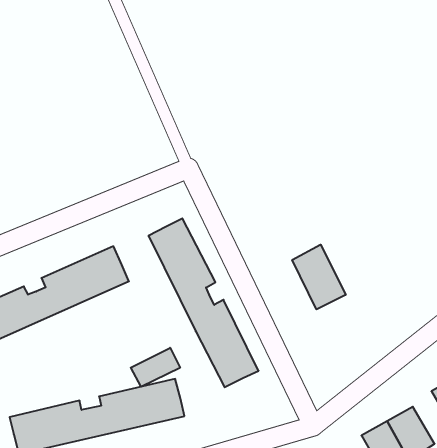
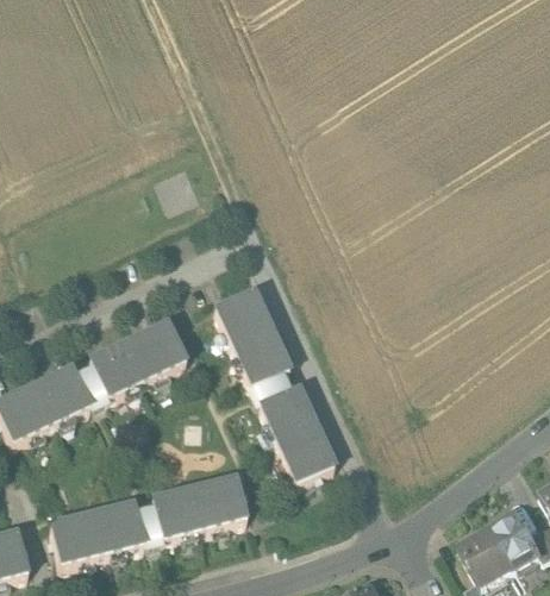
building: [292,245,346,309] -> none
building: [131,348,180,387] -> none

